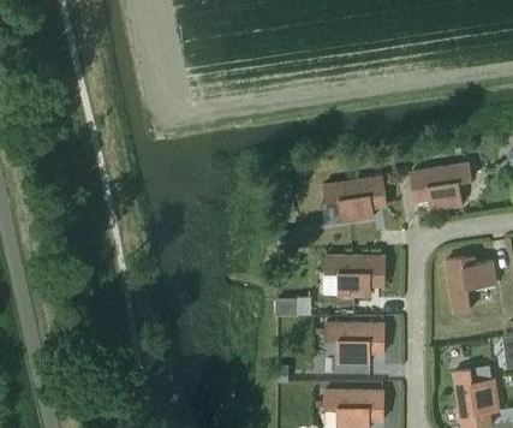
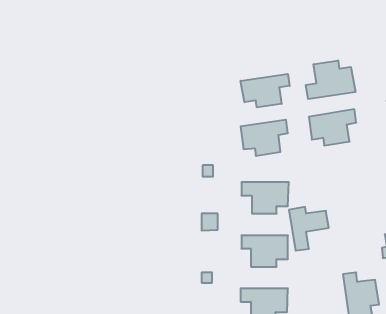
building: none -> [306,60,355,99]
building: none -> [241,74,290,107]
building: [446,257,496,313] -> [289,207,329,251]

